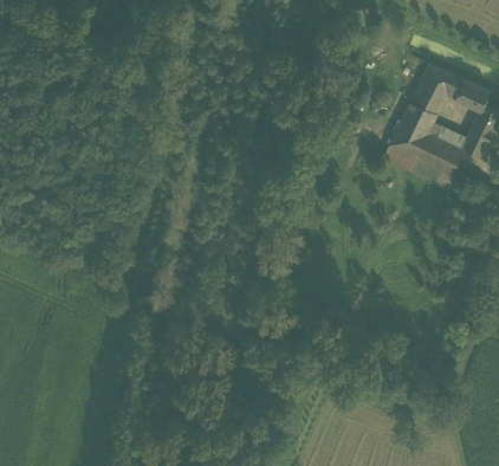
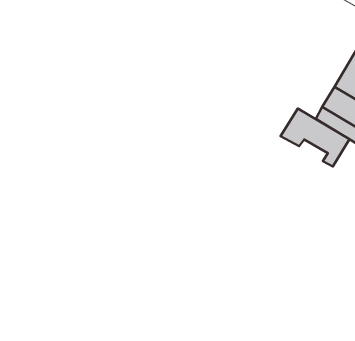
building: none -> [281,108,349,166]

